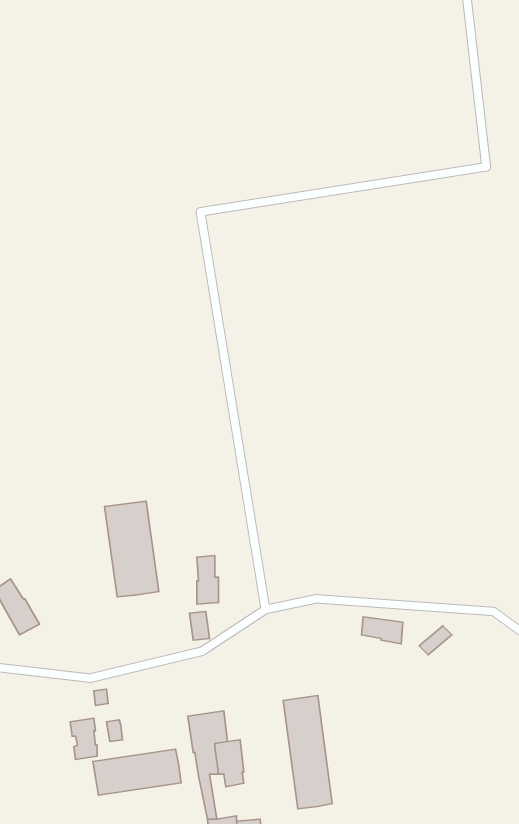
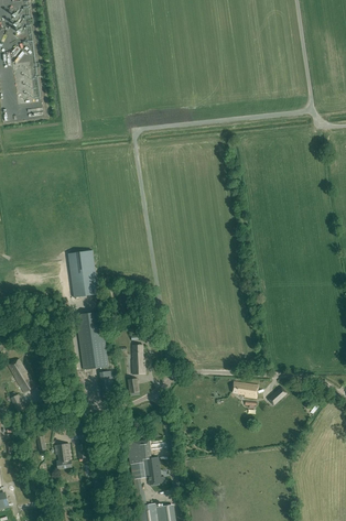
building: none -> [68,251,98,297]
building: [283,695,332,809] -> none
building: [93,749,181,795] -> none

